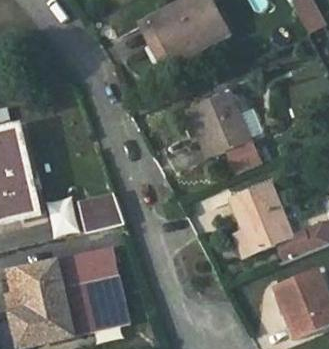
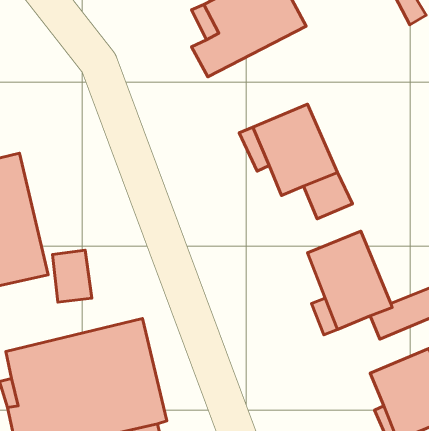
building: [78,193,124,232] -> none

